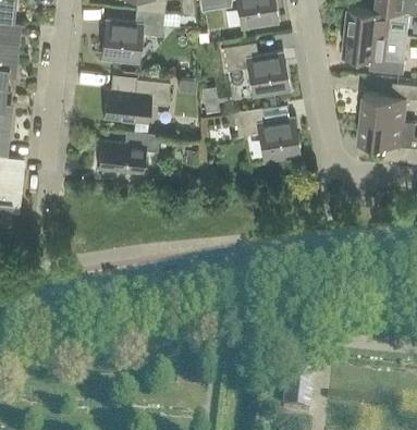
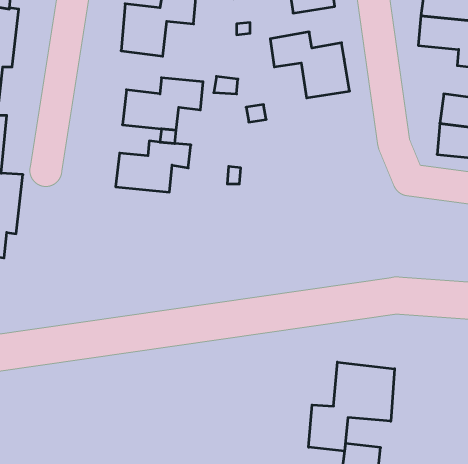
building: [226,109,298,162] -> none
building: none -> [309,362,395,451]

